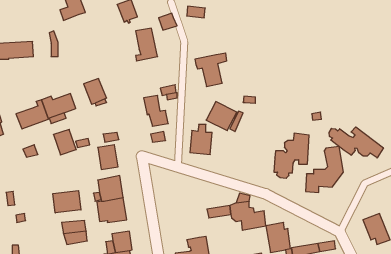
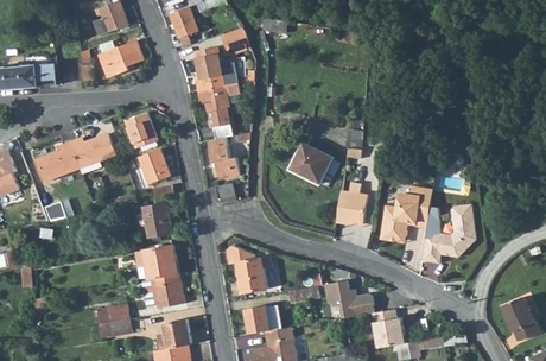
building: none -> [97,40,142,77]
building: [195,53,227,87] -> [196,82,239,127]
building: [190,124,212,154] -> [336,188,366,228]
building: [329,127,383,158] -> none
building: [53,129,76,155] -> [138,150,169,184]
building: none -> [237,256,271,292]
building: [53,191,81,213] -> none
building: none -> [243,305,280,334]

